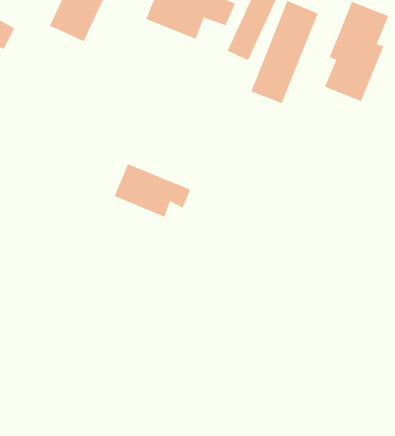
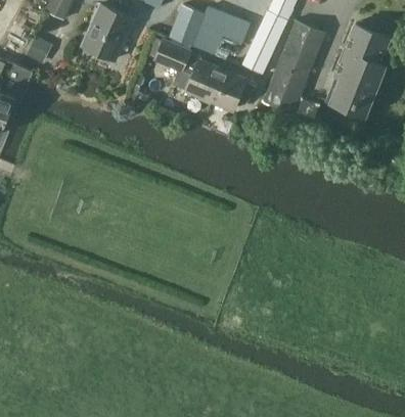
building: none -> [154,38,189,68]
building: [114,163,191,218] -> [186,57,256,106]

